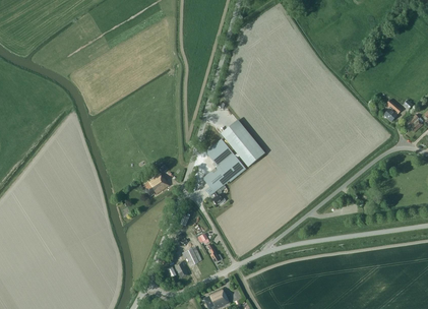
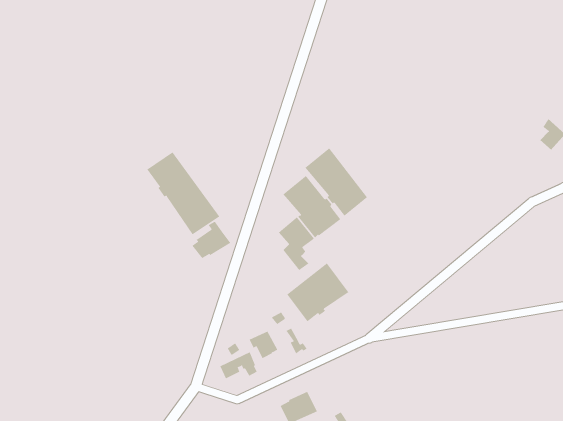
building: none -> [147,152,220,235]
building: none -> [286,263,349,322]

